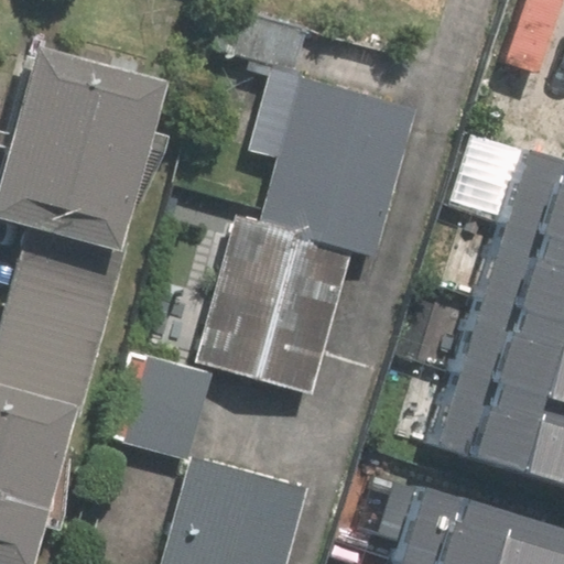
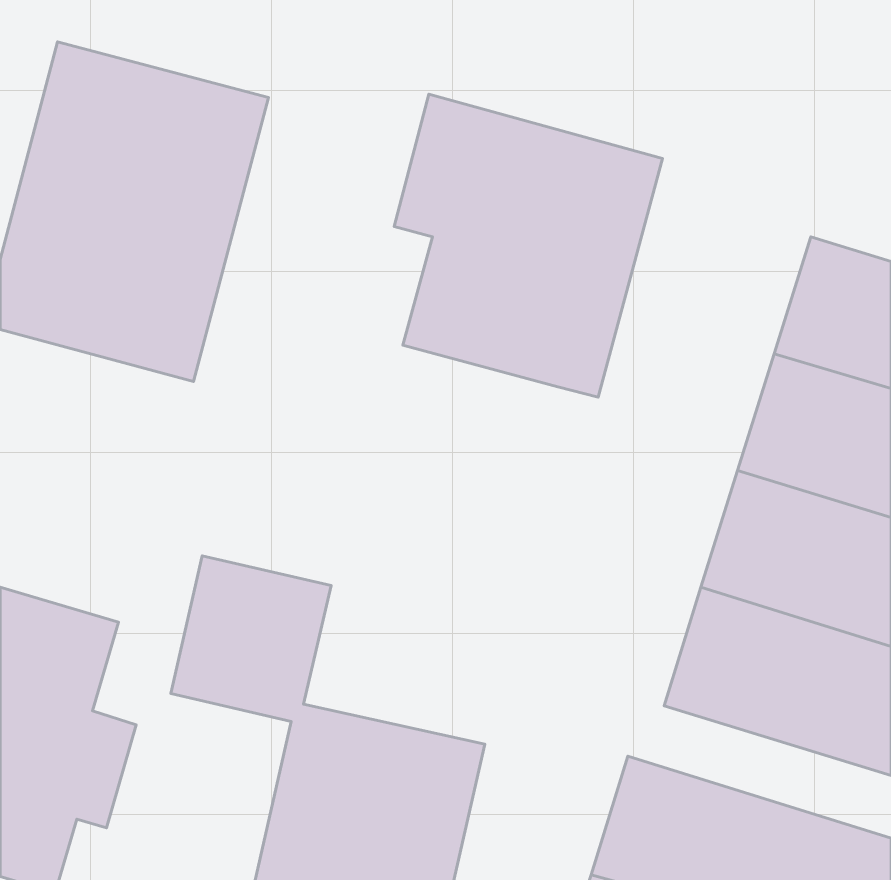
building: [191,218,352,397] -> none

